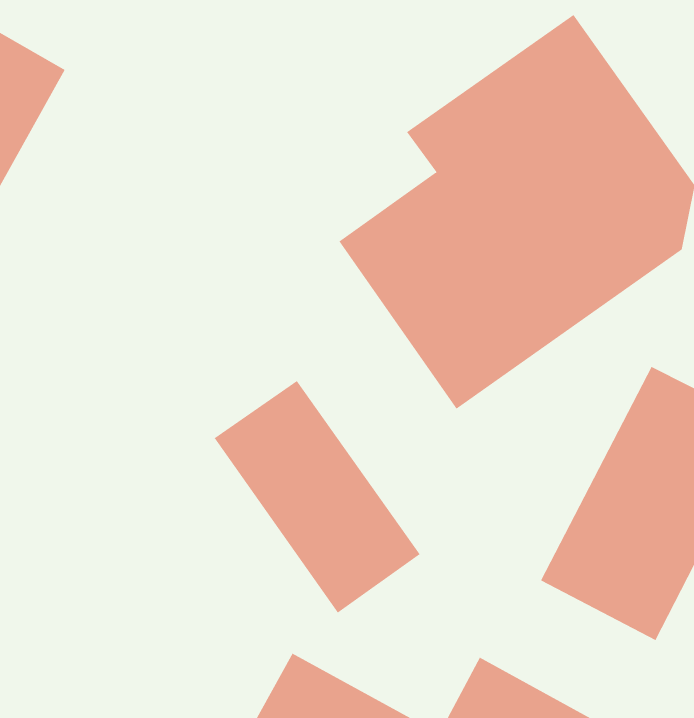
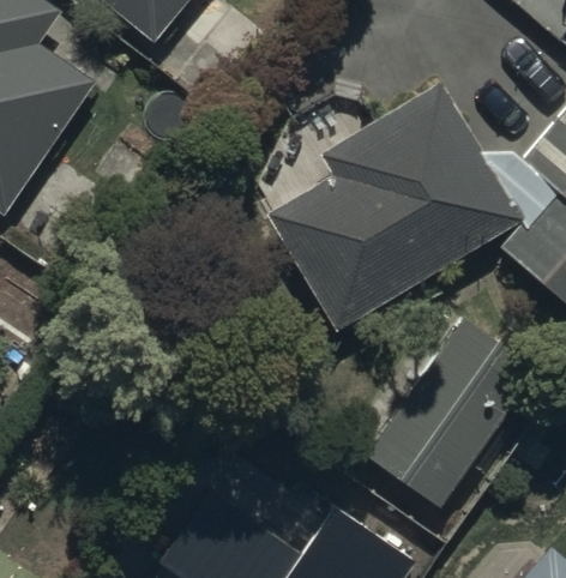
building: [214,380,420,614] -> none

